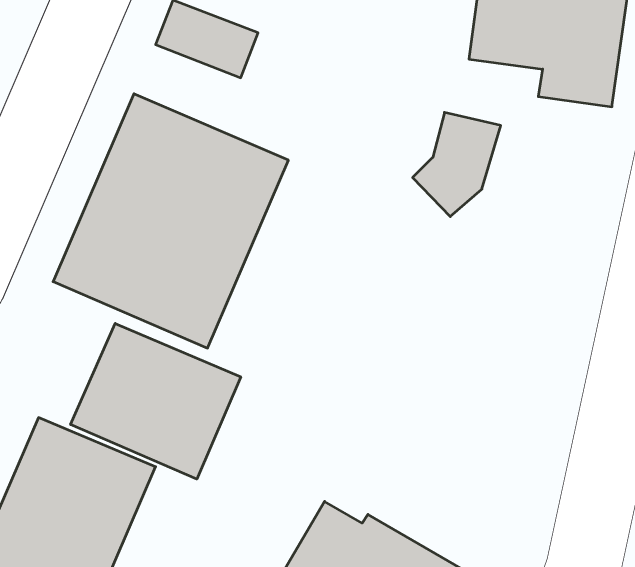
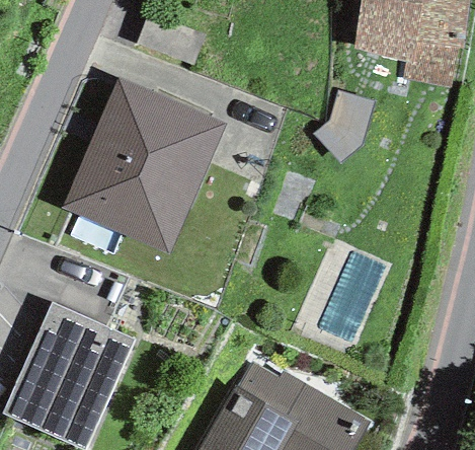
building: [71,323,241,479] -> none

